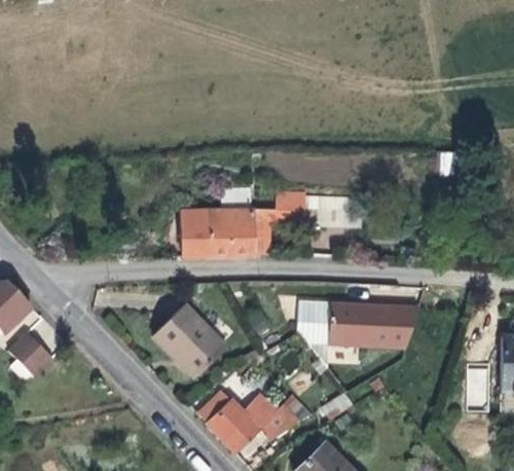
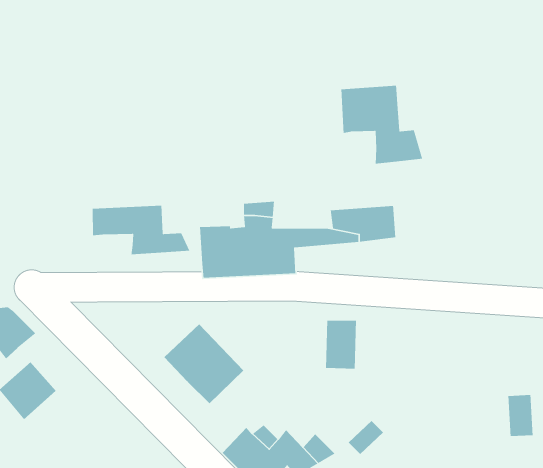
building: none -> [340,85,423,165]
building: none -> [92,205,191,255]
building: [328,299,418,349] -> none

